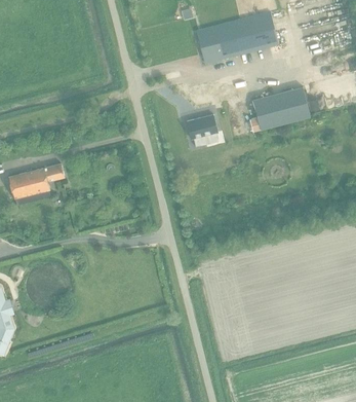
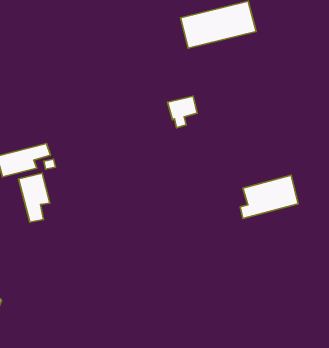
building: [247,87,308,133] -> [240,175,298,218]
building: none -> [18,173,50,222]

